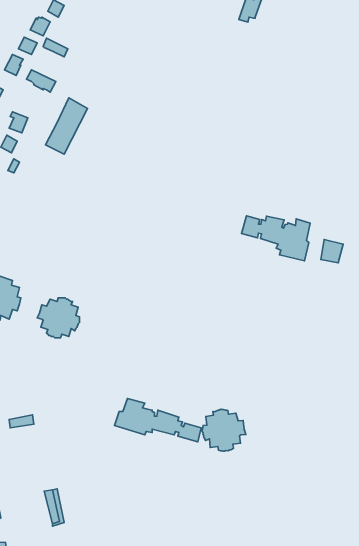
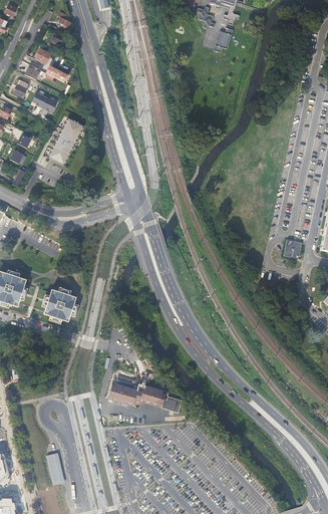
building: [241,216,310,261] -> none
building: [202,409,246,451] -> none

